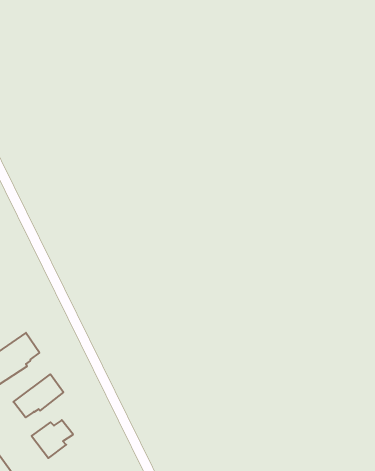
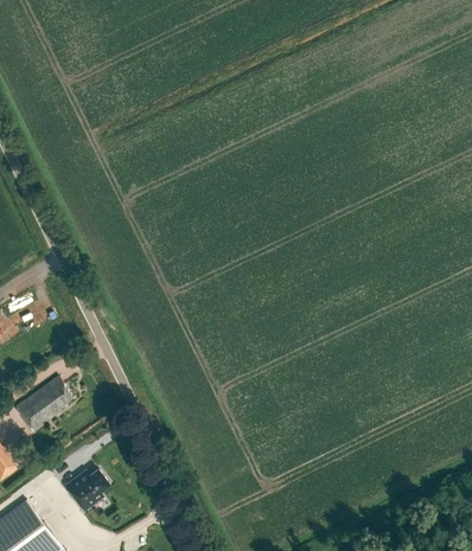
building: [13,374,63,417] -> none

